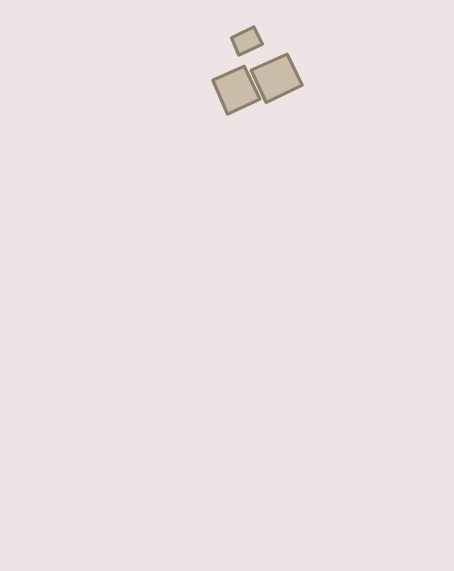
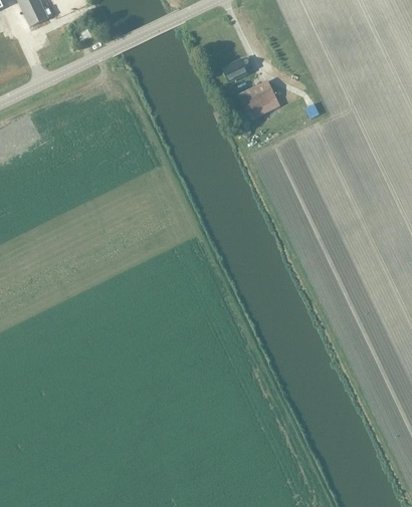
building: [213,66,260,114] -> none

